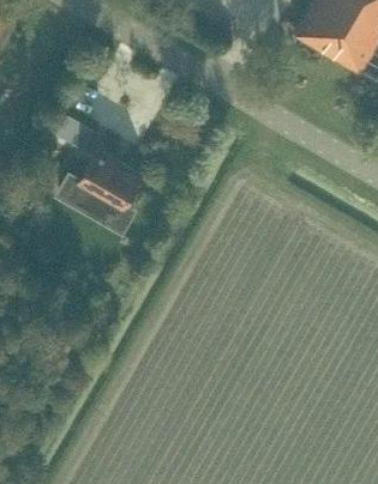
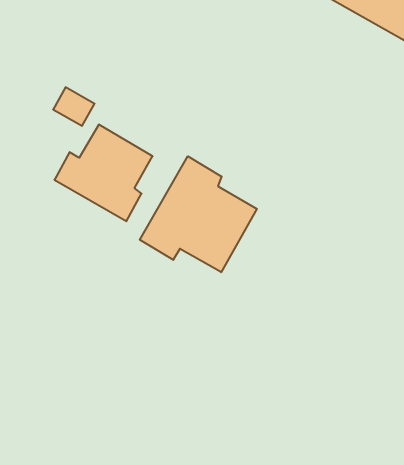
building: none -> [140,156,257,272]

